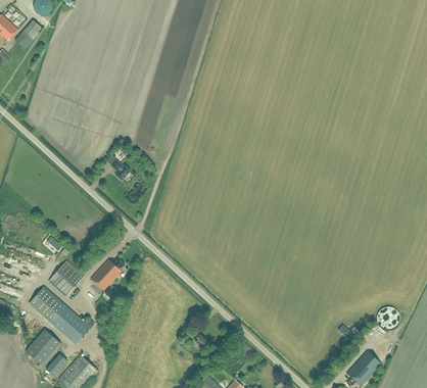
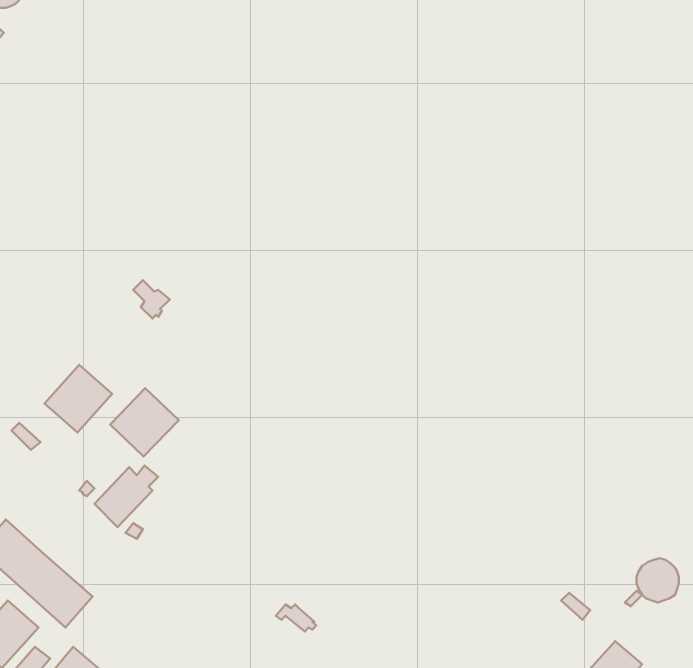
building: none -> [110,388,179,456]
building: [48,259,84,295] -> [45,365,112,433]

